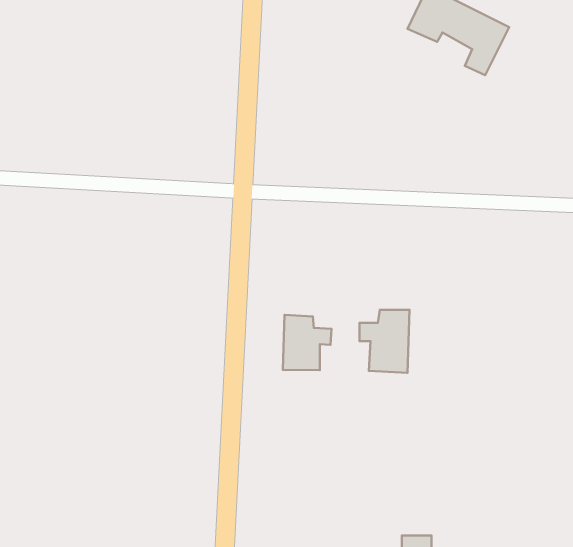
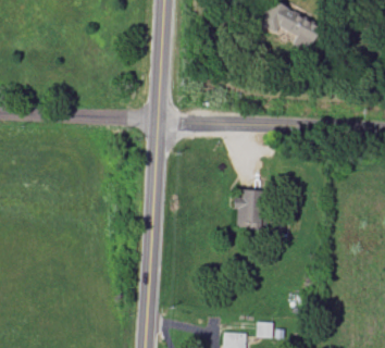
building: [283,315,331,370] -> none

